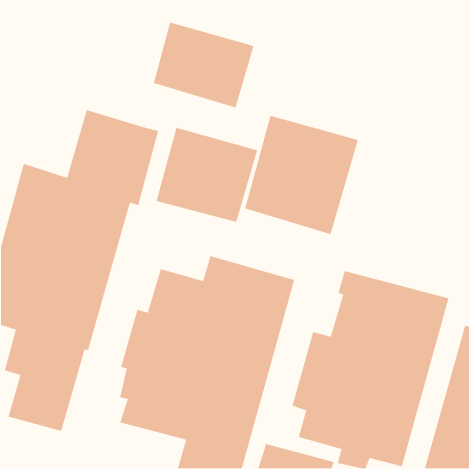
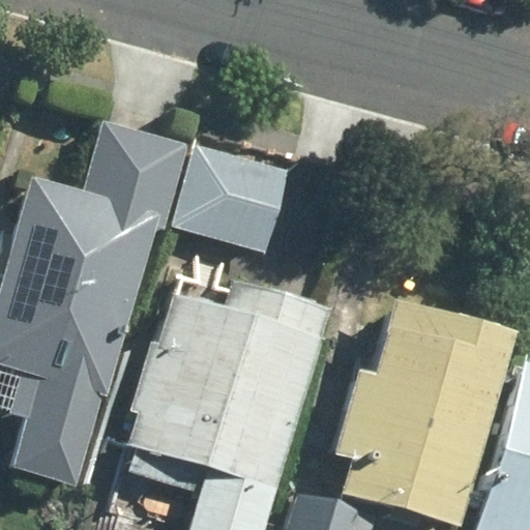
building: [153,22,255,108] -> none
building: [244,115,359,235] -> none

